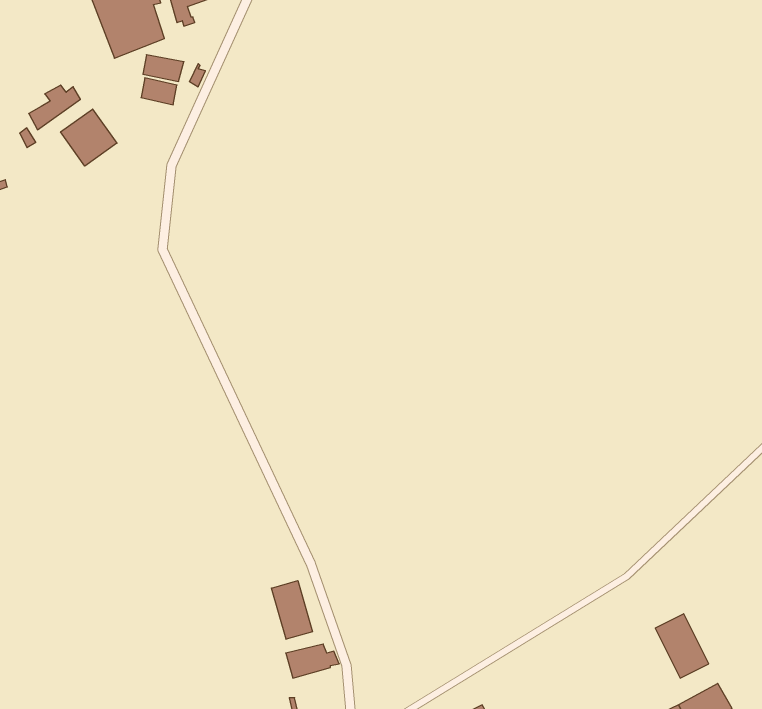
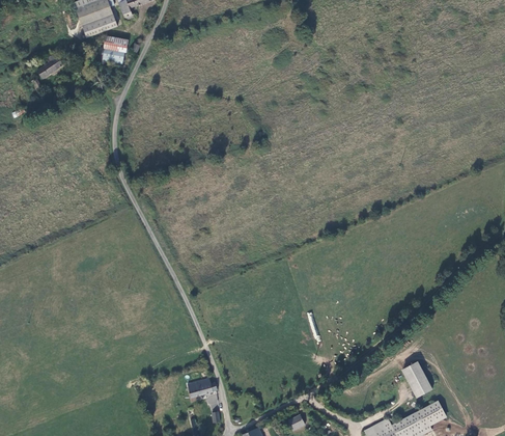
building: [61,109,117,166] -> none
building: [271,581,312,639] -> none

